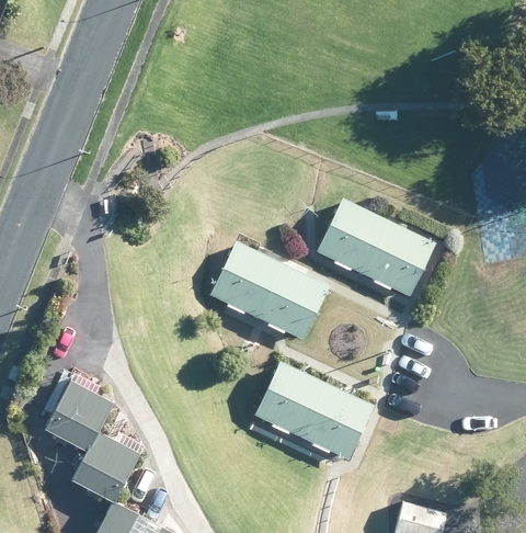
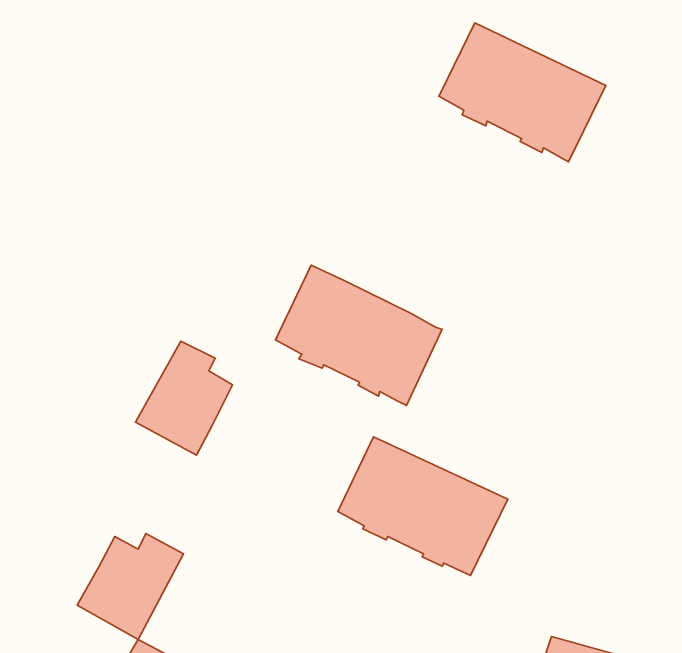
building: [318,200,435,297] -> [439,23,606,162]
building: [44,373,112,453] -> [136,341,232,455]

